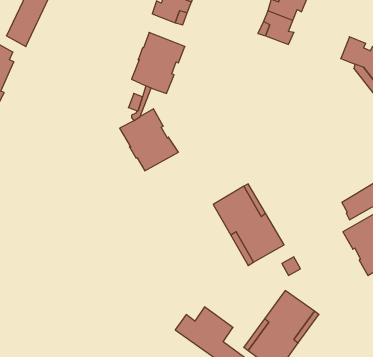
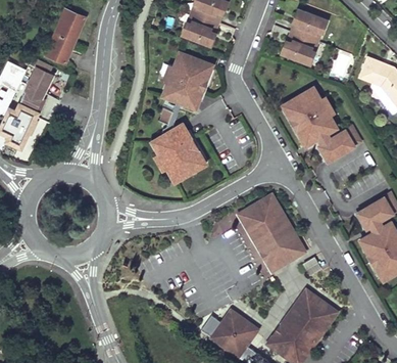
building: none -> [282,86,336,145]
building: none -> [318,126,360,160]

